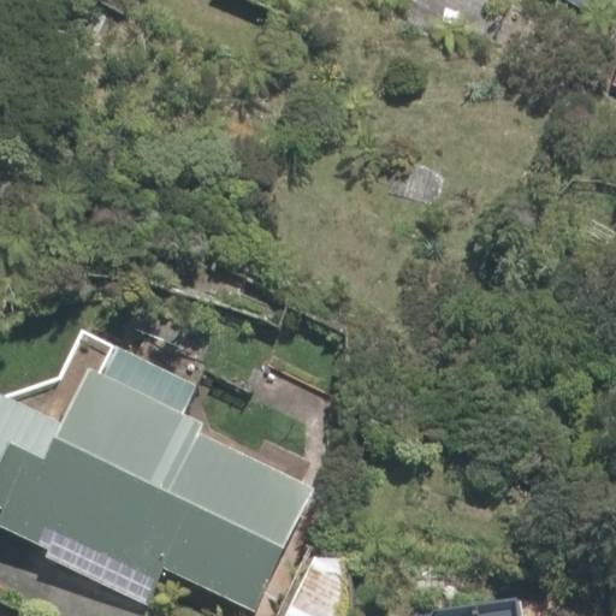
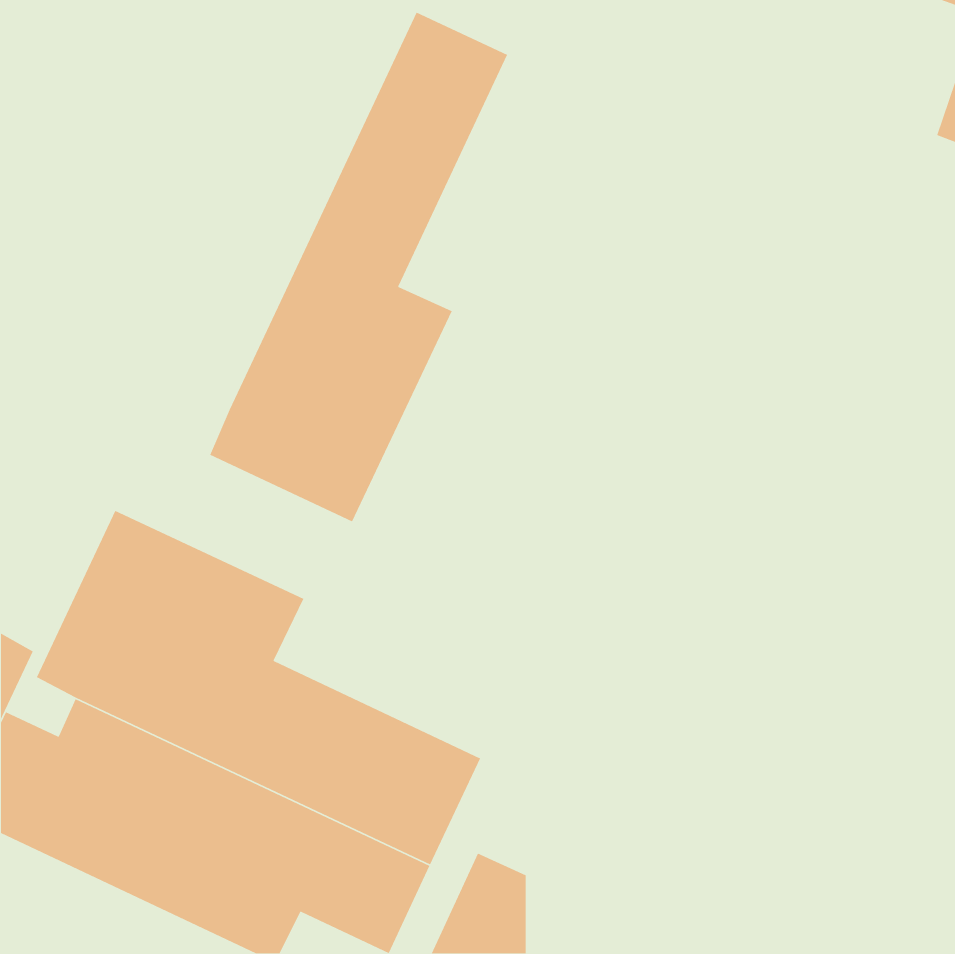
building: none -> [209,12,508,523]

